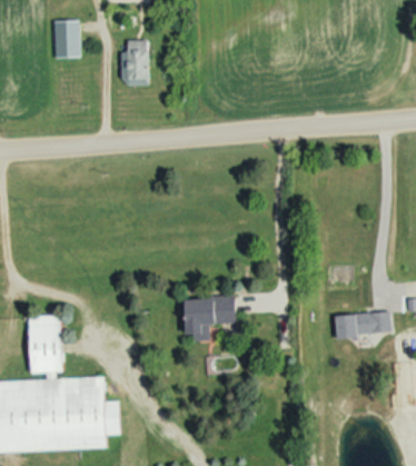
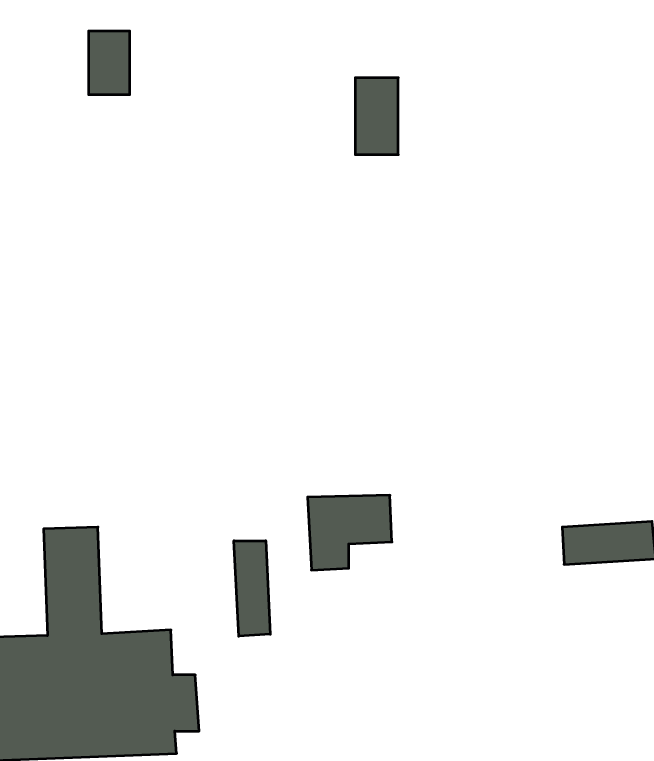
building: [122,40,148,86] -> [355,78,398,155]
building: none -> [234,541,270,636]

